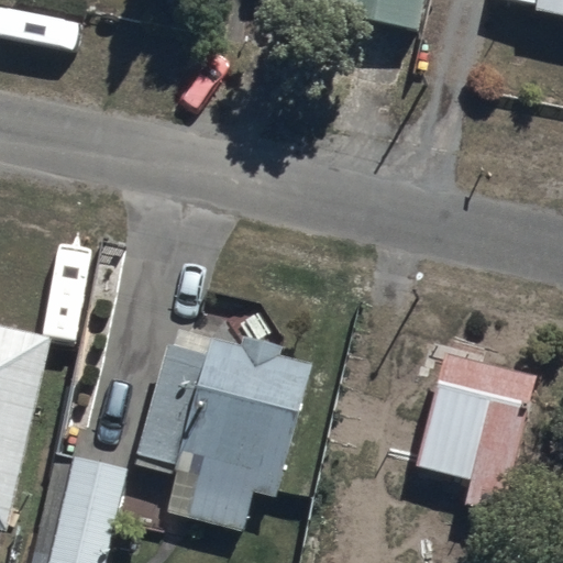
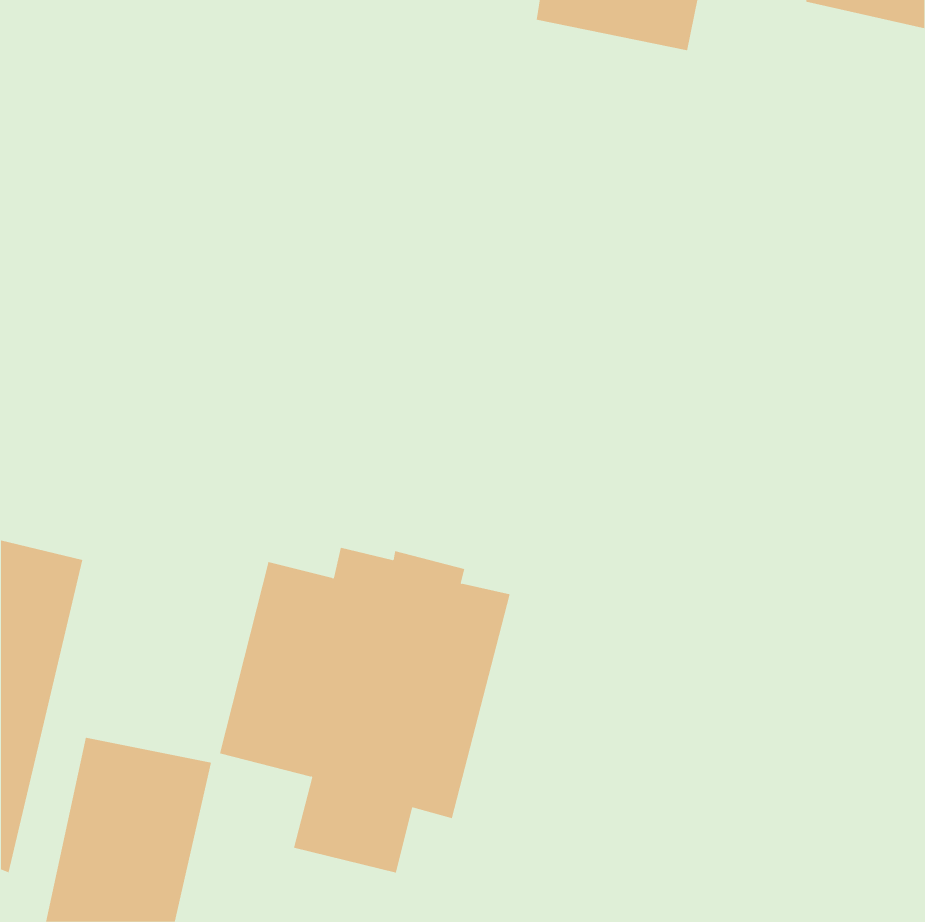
building: [413,353,534,515] -> none

